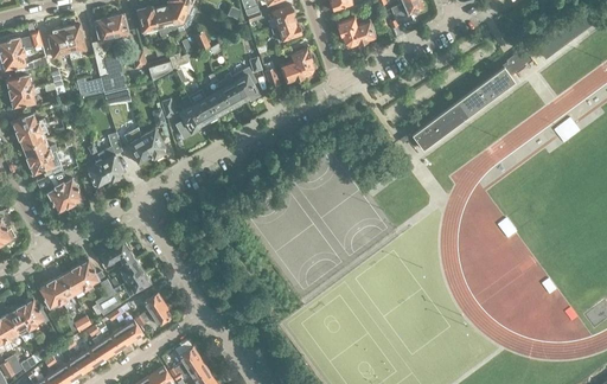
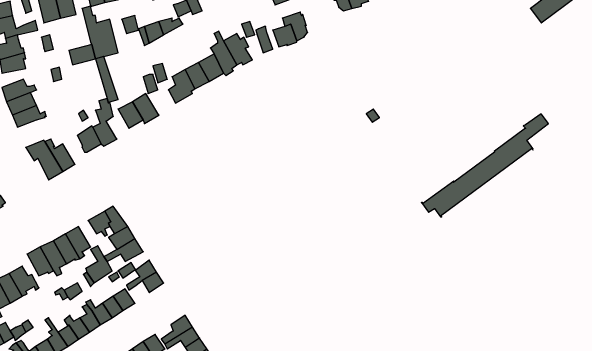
building: [404,49,530,151] -> [421,114,548,217]
building: [27,152,63,181] -> none

